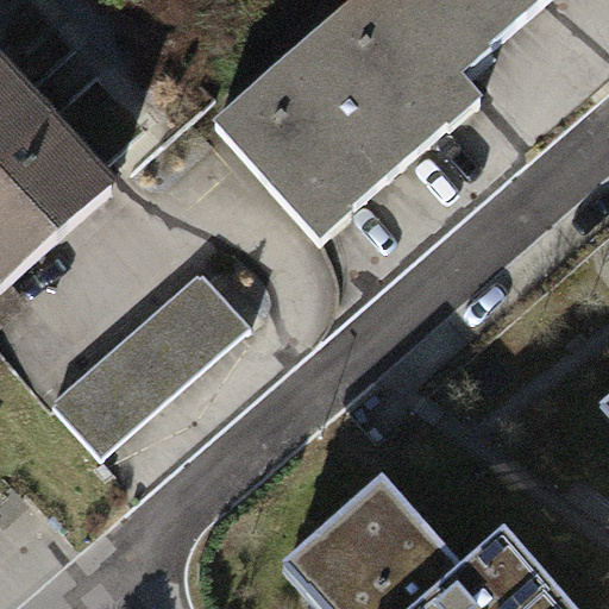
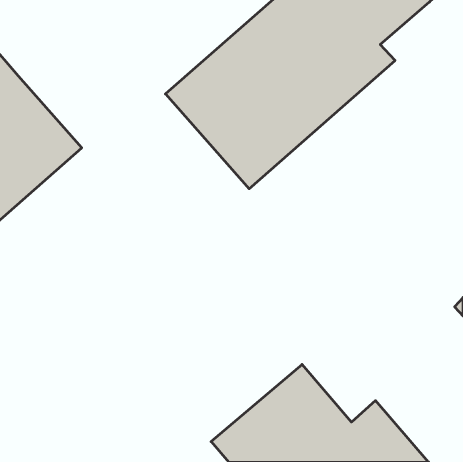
building: [49,272,259,466] -> none

